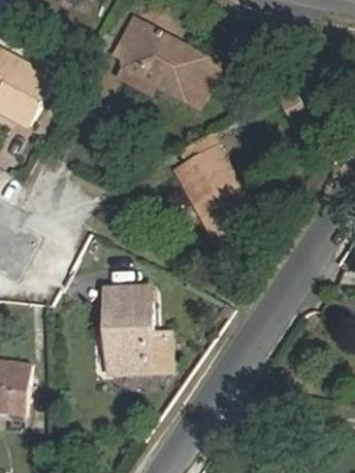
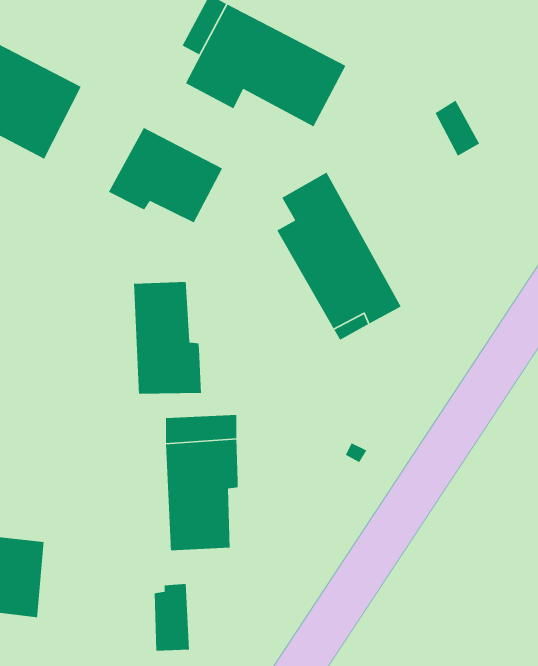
building: none -> [108,127,223,223]
building: none -> [133,281,202,395]
building: [146,328,168,371] -> [154,583,190,652]

